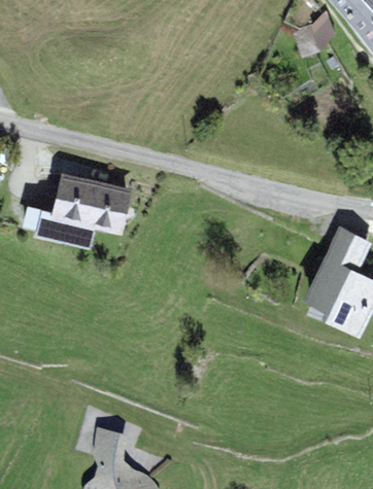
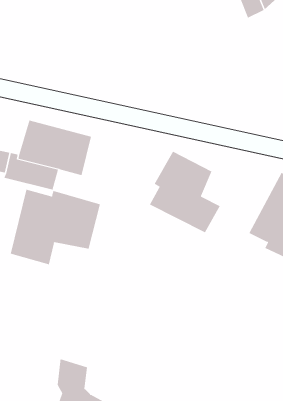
building: none -> [149,151,221,233]
building: none -> [10,189,101,265]

